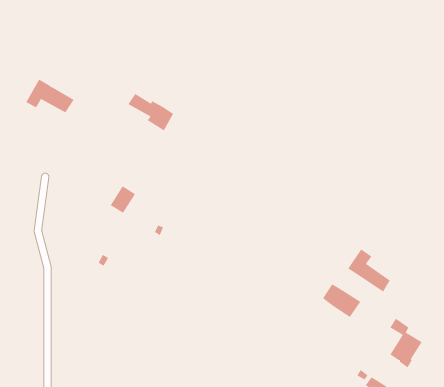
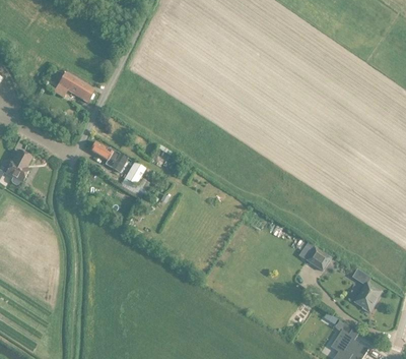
building: [127,93,174,131] -> [88,140,127,172]
building: [348,249,391,292] -> none

